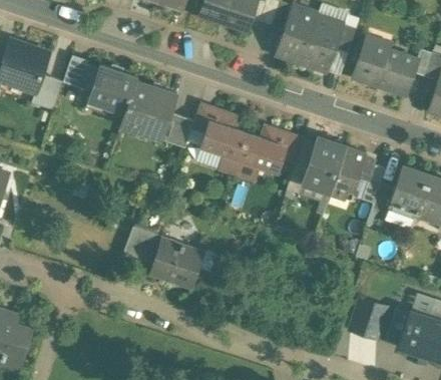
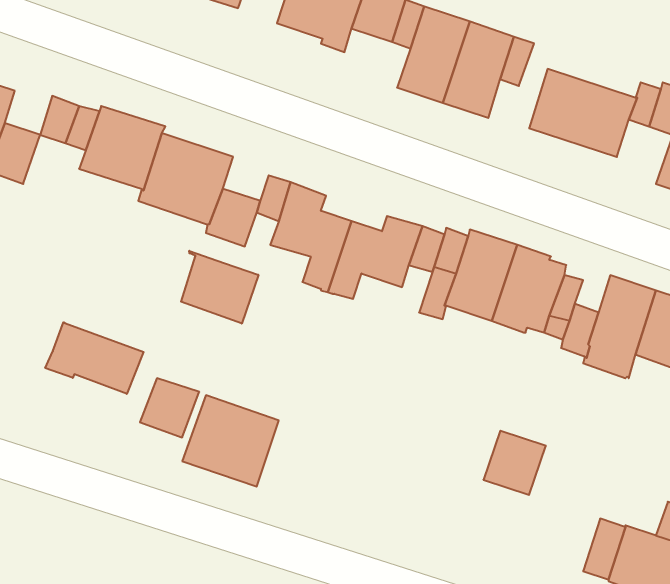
building: none -> [181,251,258,324]
building: none -> [45,322,144,394]
building: [351,300,388,338] -> [483,431,546,495]

